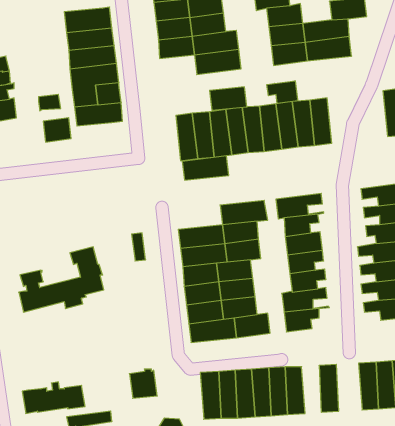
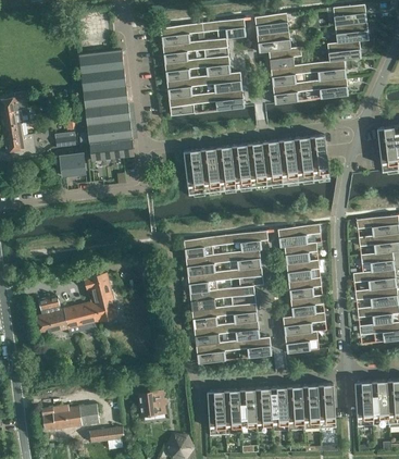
building: [267,81,298,103] -> none
building: [210,87,247,110] -> [167,95,202,116]
building: [182,156,229,180] -> [183,235,226,258]
building: none -> [300,385,319,430]

